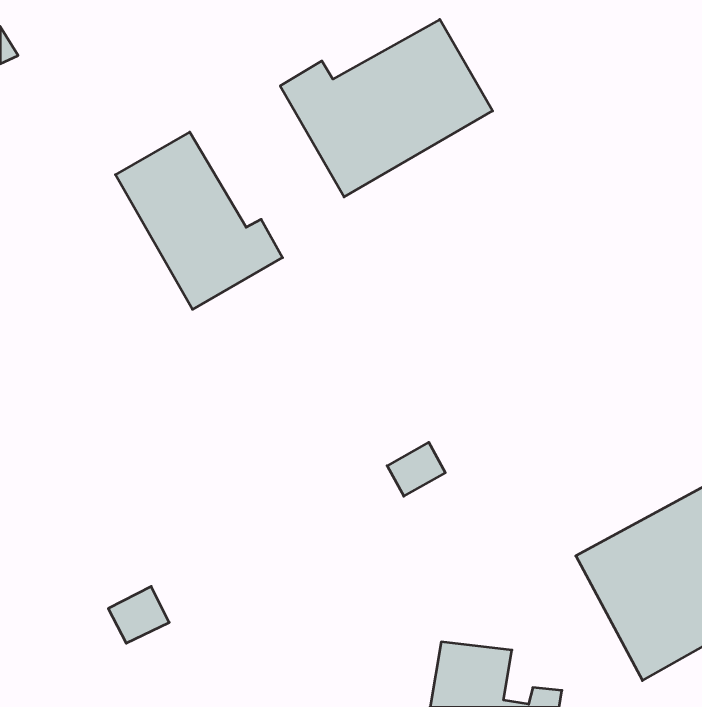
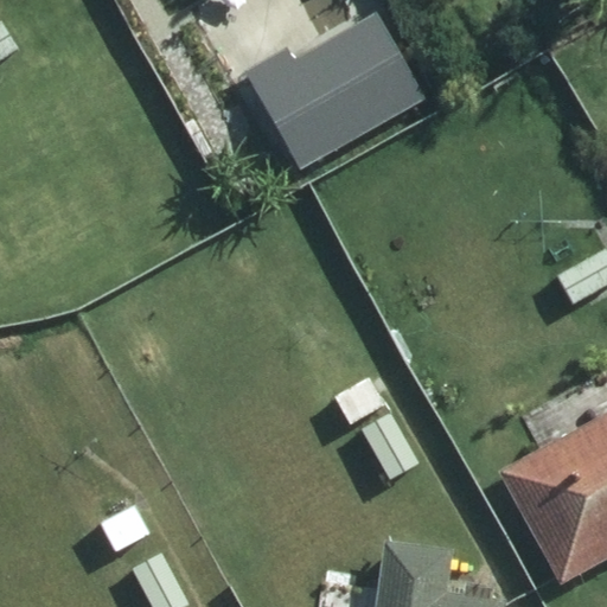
building: [115,132,283,309] -> none

